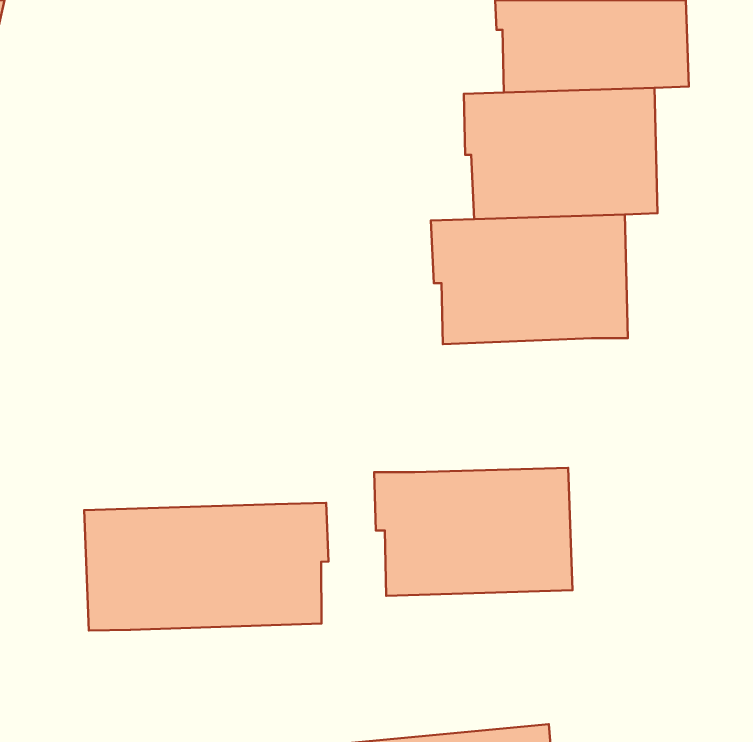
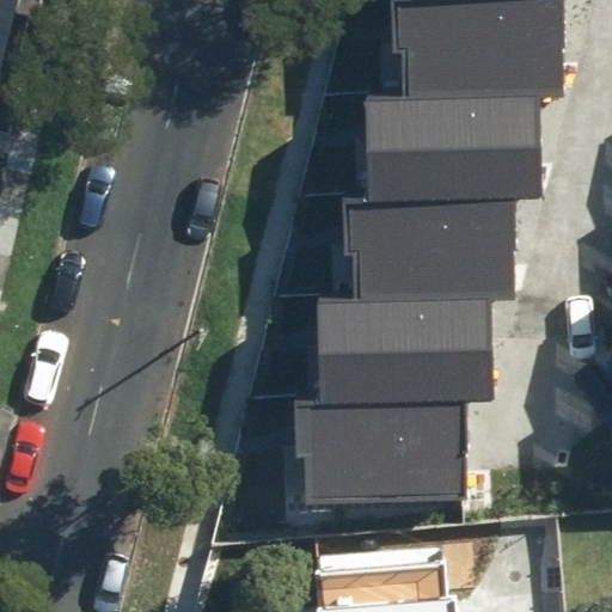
building: none -> [322,287,478,394]
building: [84,503,329,631] -> none

